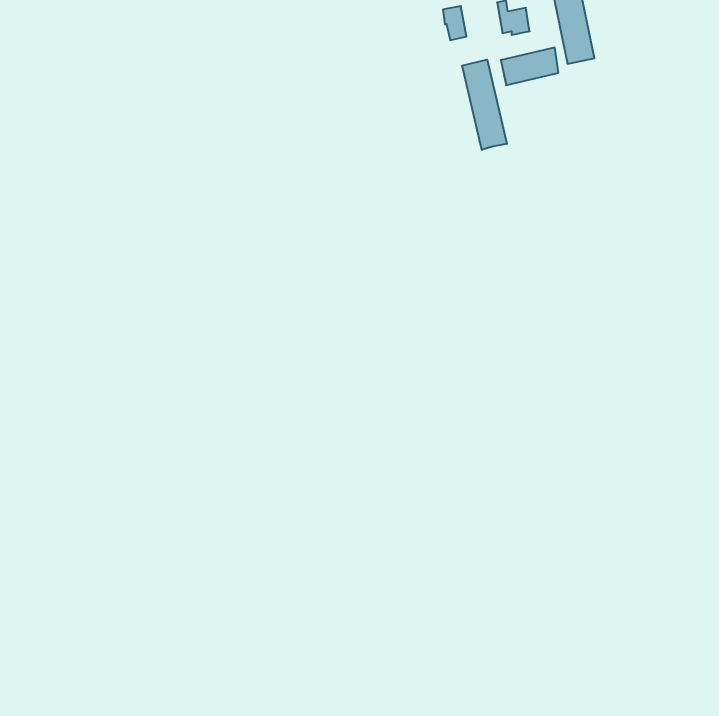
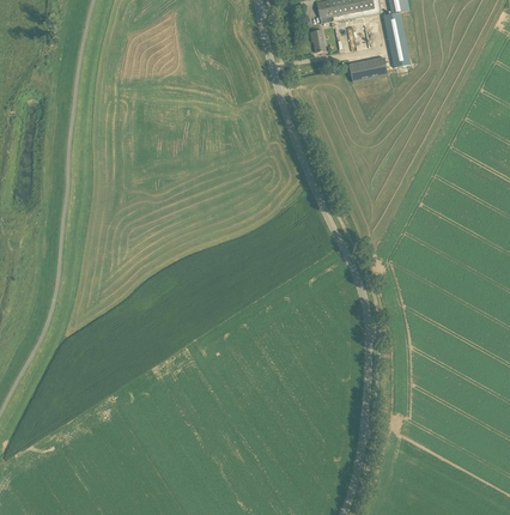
building: [462,60,507,150] -> none

